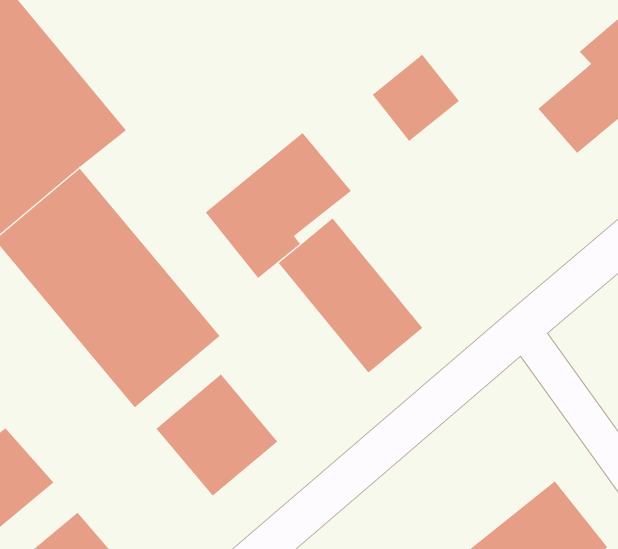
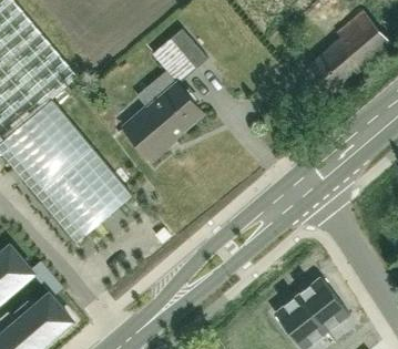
building: [372,54,460,142] -> [156,30,206,80]
building: [278,218,423,373] -> none
building: [155,374,278,497] -> none

